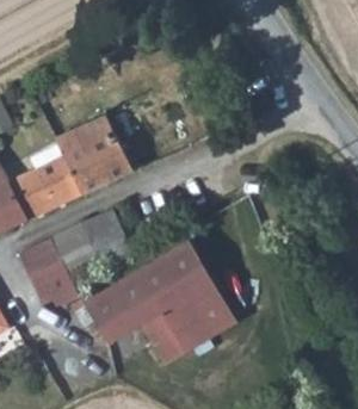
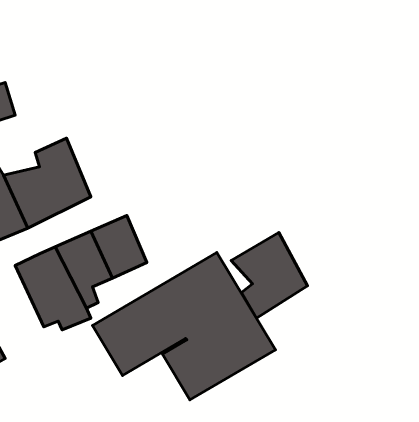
building: [57,113,130,194] -> none
building: none -> [231,233,308,318]

